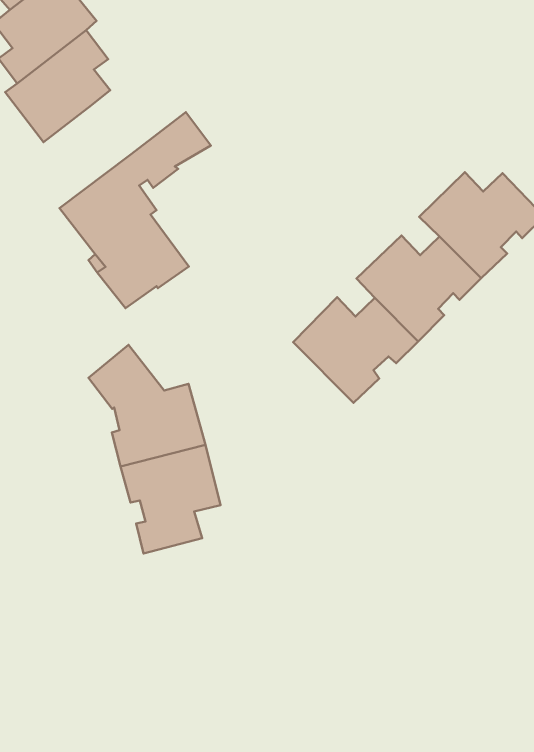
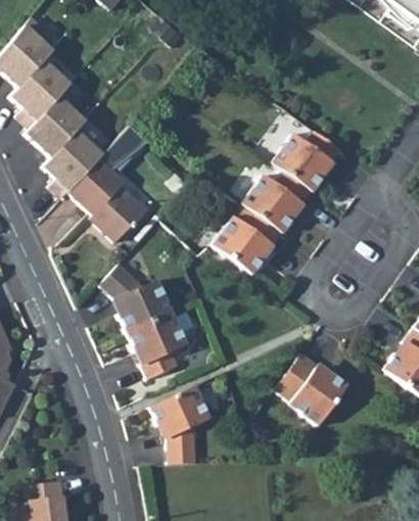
building: none -> [43,131,102,197]
building: none -> [275,351,347,425]
building: none -> [149,385,210,464]

